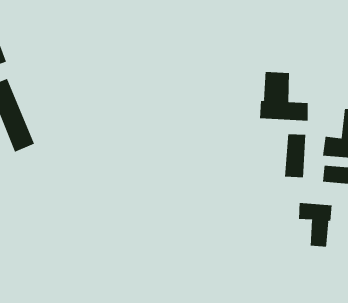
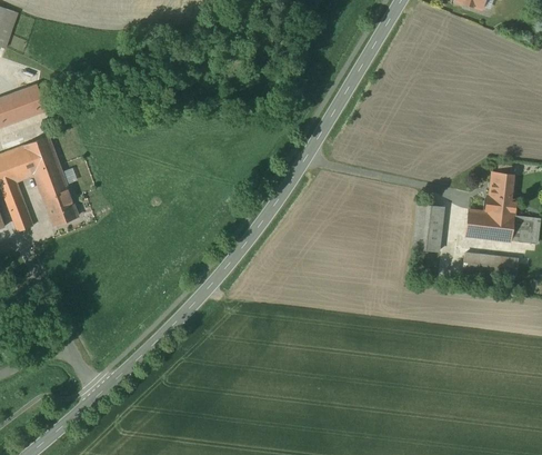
building: [260,71,308,122] -> none
building: [299,202,332,248] -> none

